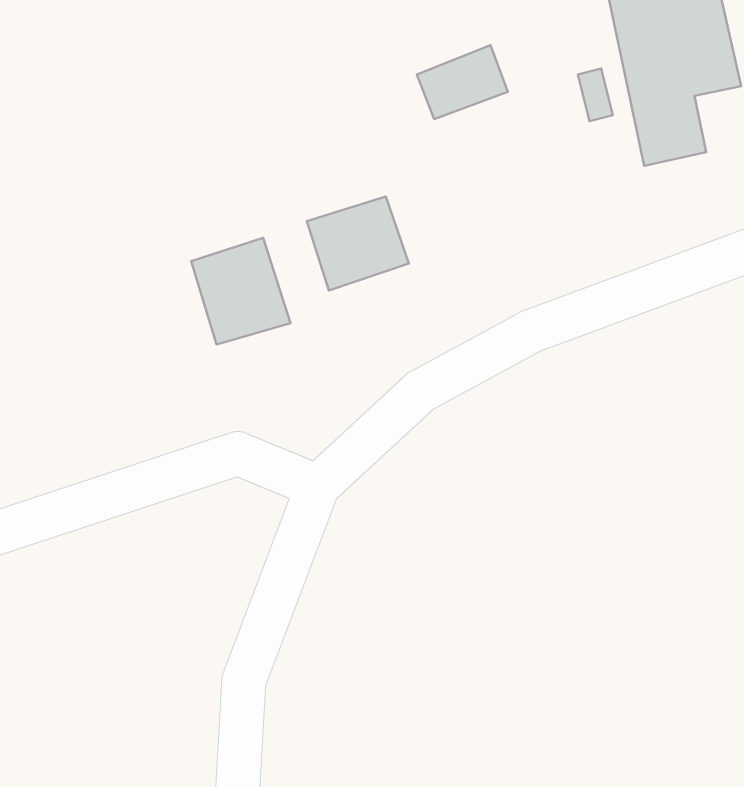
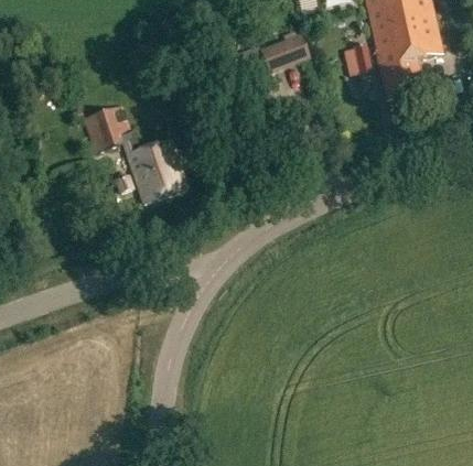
building: none -> [82,104,132,151]
building: [307,196,409,290] -> none

